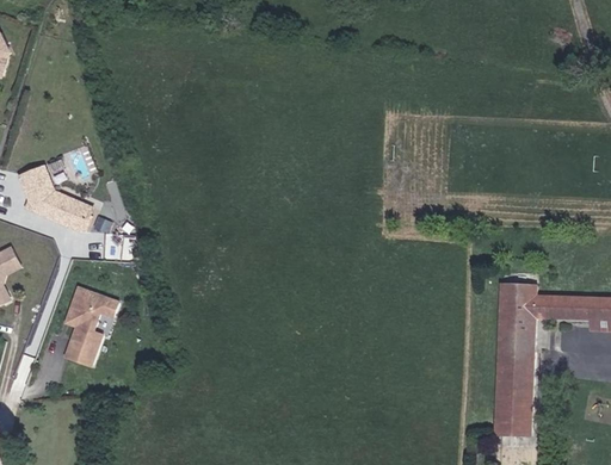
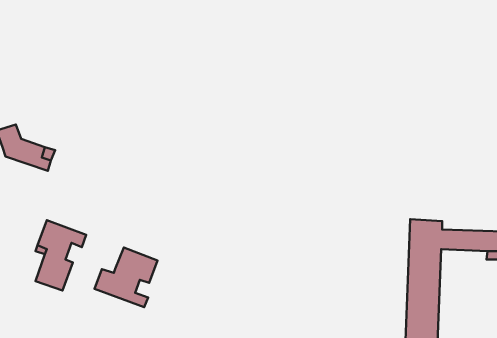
building: none -> [95,248,157,307]

